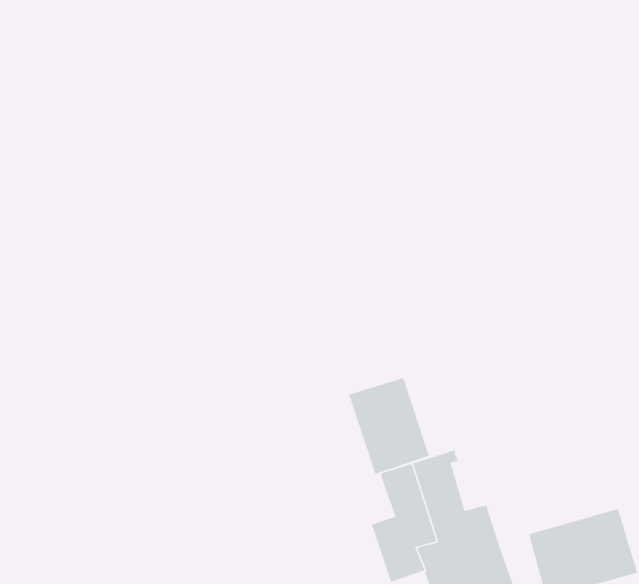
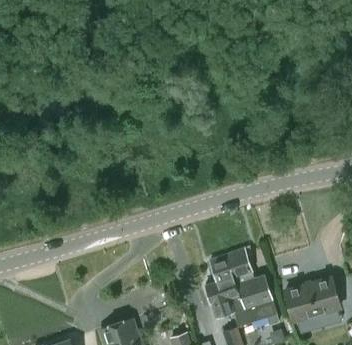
building: [348,377,430,475] -> none

